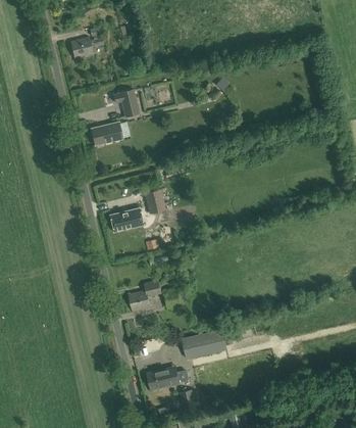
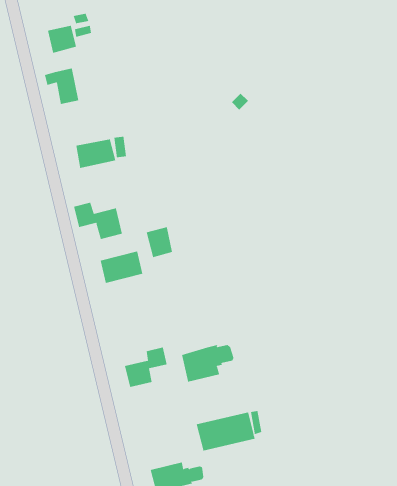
building: [113,90,140,117] -> [44,68,79,104]
building: none -> [73,202,123,240]
building: none -> [181,344,234,382]

